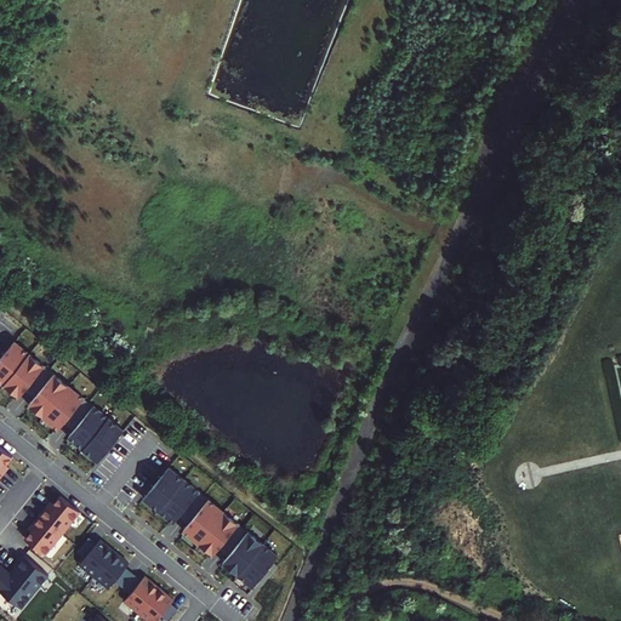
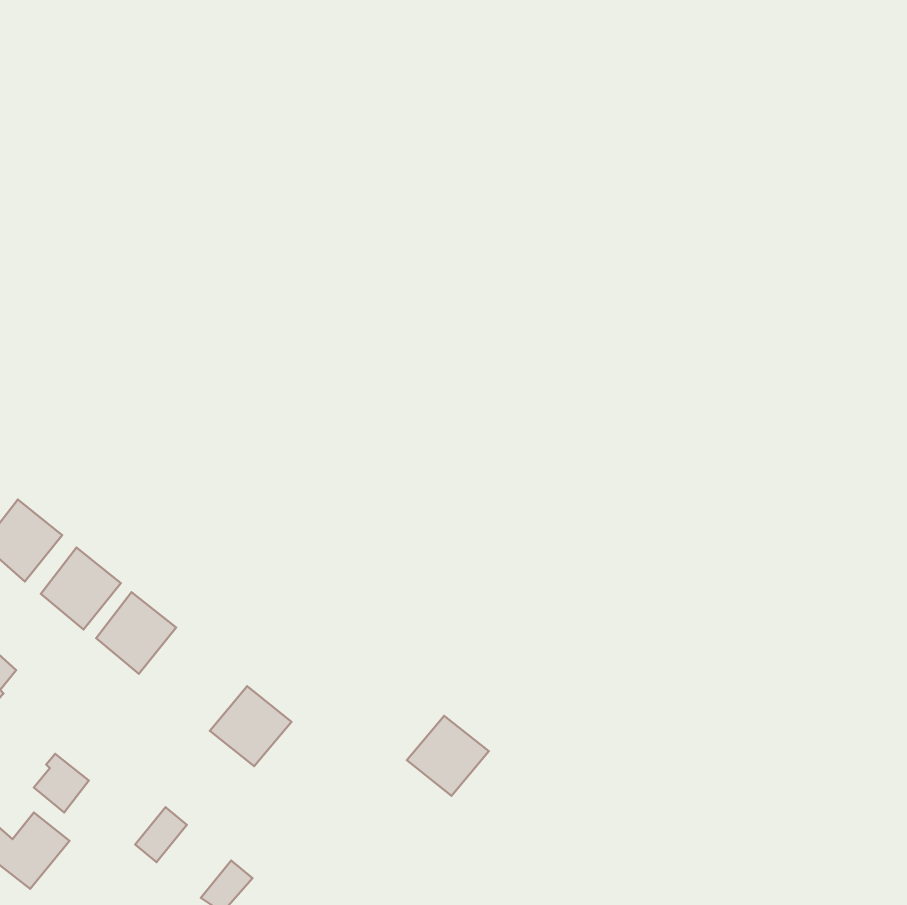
building: [38,497,78,535] -> none
building: [182,501,238,557] -> none
building: [221,534,277,588] -> [407,716,489,796]
building: [78,541,113,579] -> none
building: [123,577,158,615] -> none

